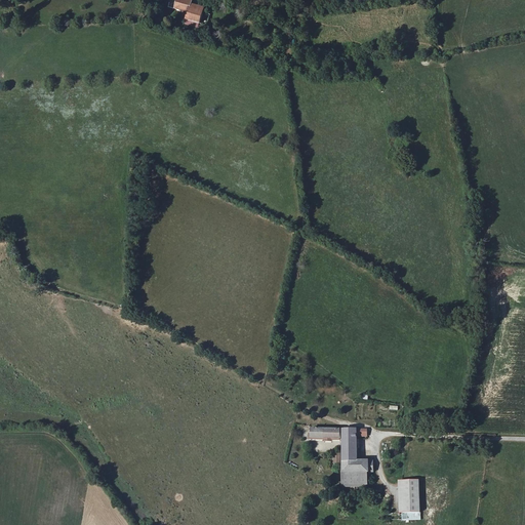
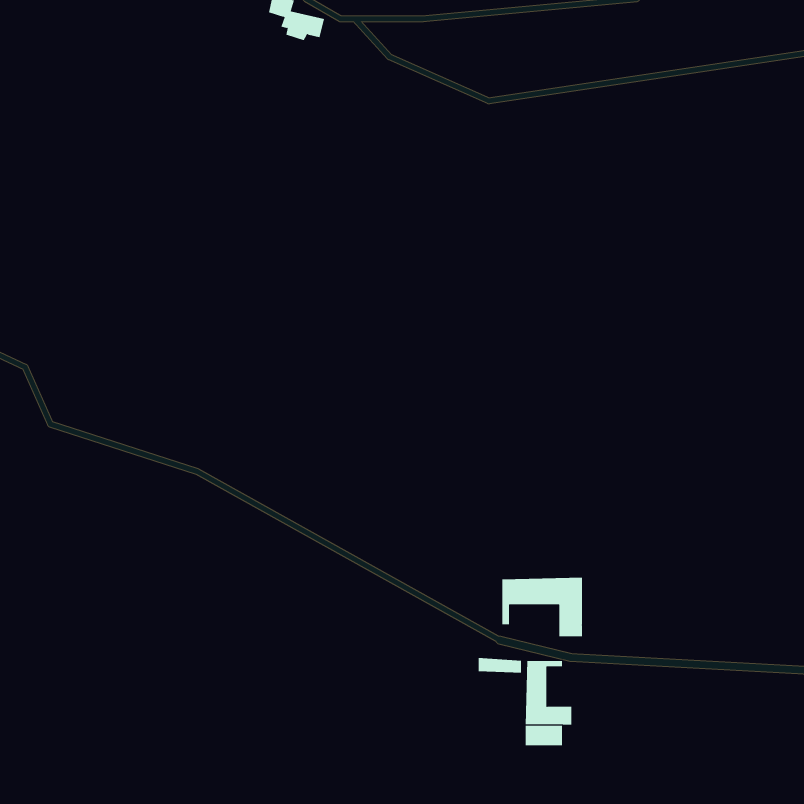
building: none -> [502,577,582,637]
building: [398,478,418,510] -> none

